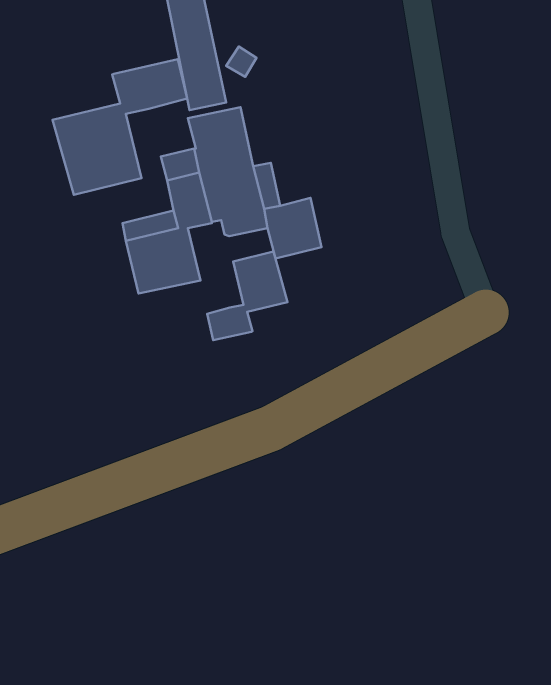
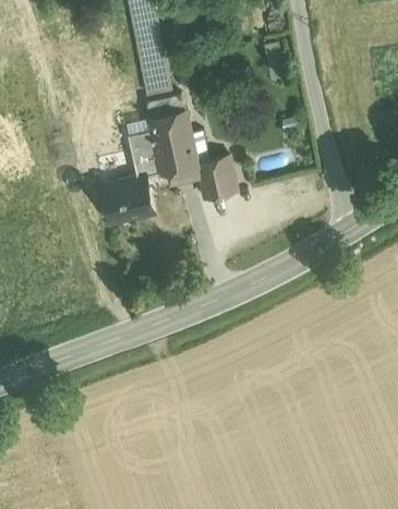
building: [53,59,187,195] -> none
building: [207,252,288,340] -> none

